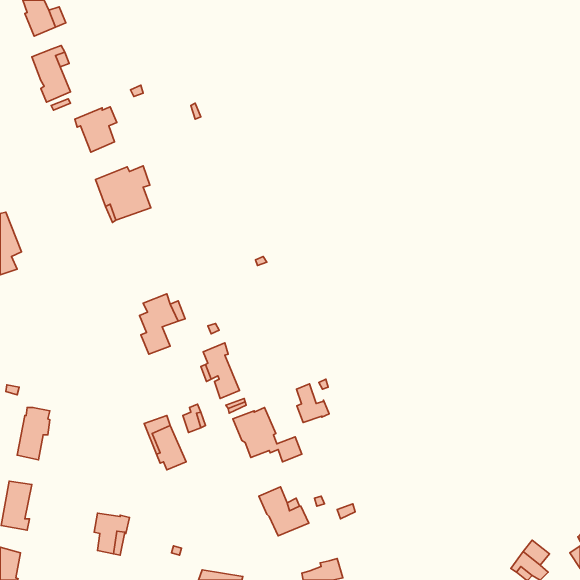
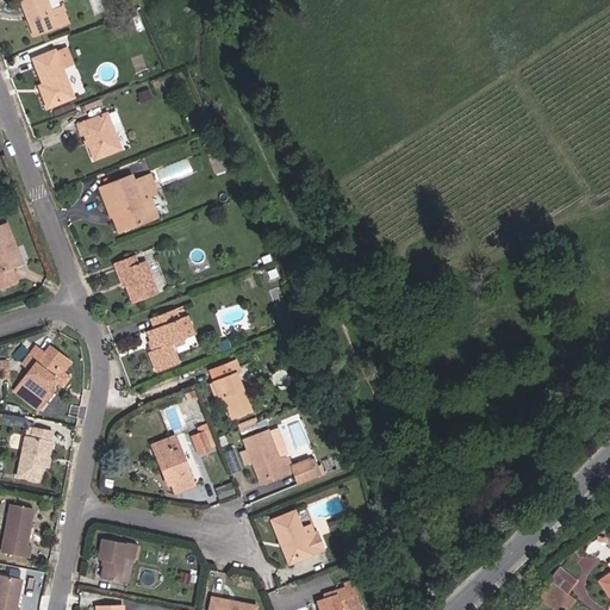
building: none -> [114,255,157,303]
building: none -> [15,346,67,409]
building: [297,384,329,422] -> none

